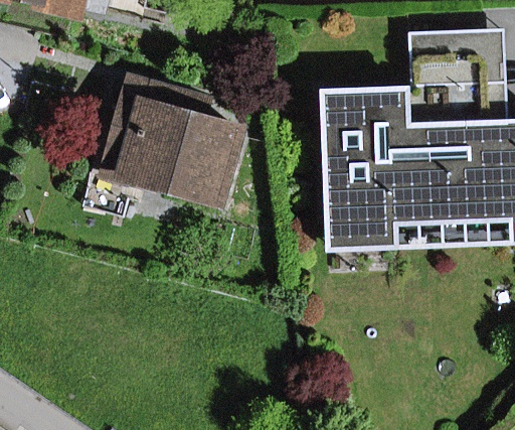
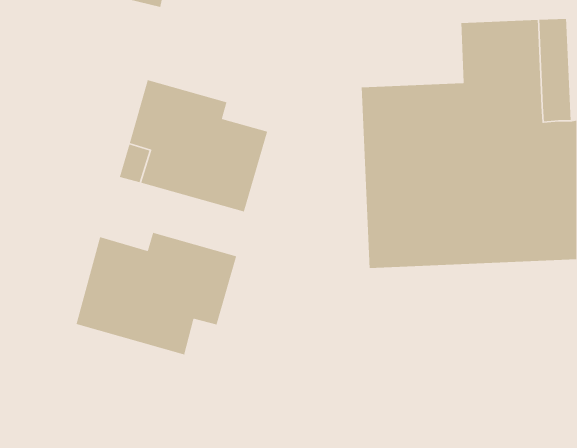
building: none -> [75,232,237,356]

